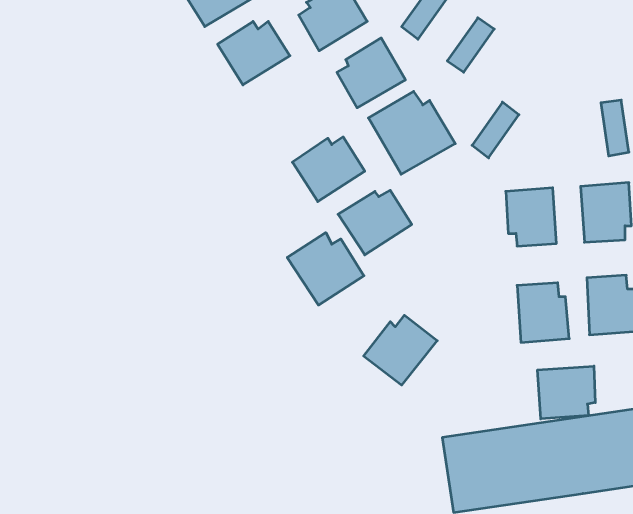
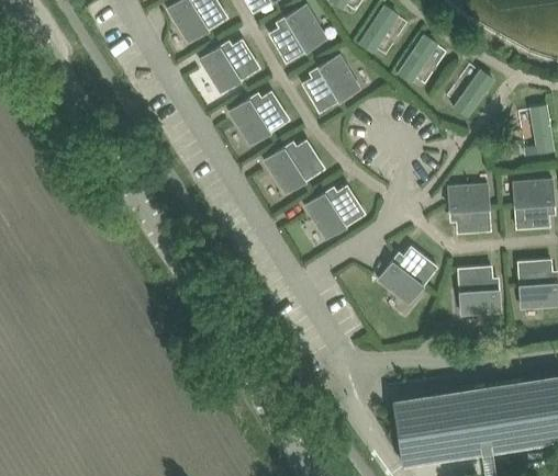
building: none -> [227,91,290,147]
building: [368,91,455,174] -> none
building: [472,102,519,158] -> [454,70,494,118]
building: [287,233,364,305] -> none
building: [364,315,437,385] -> [376,246,439,306]
building: [538,366,595,419] -> none

